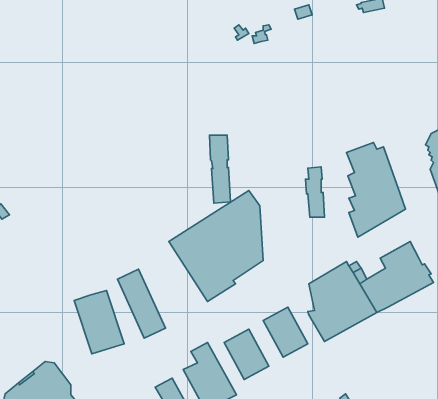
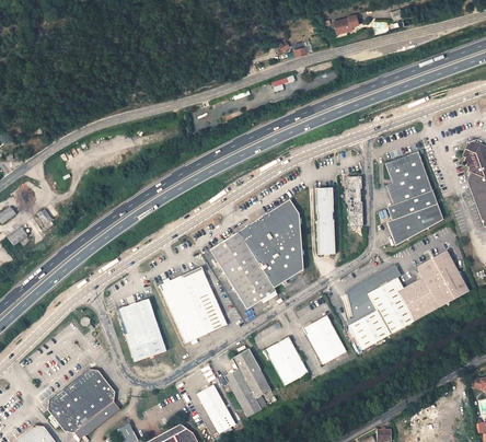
building: [209,135,231,203] -> [315,188,336,255]
building: none -> [181,267,229,335]

